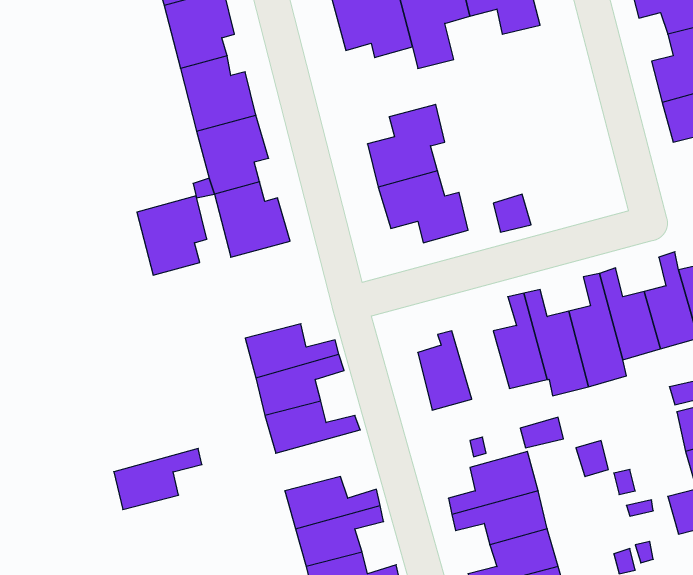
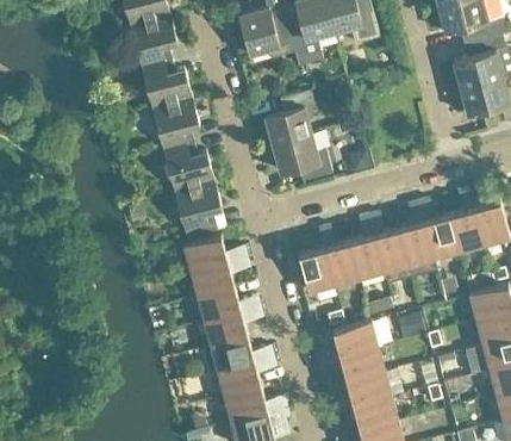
building: [137,196,207,275] -> [174,182,220,235]
building: none -> [318,228,359,287]
building: [114,448,202,510] -> [204,308,262,348]

